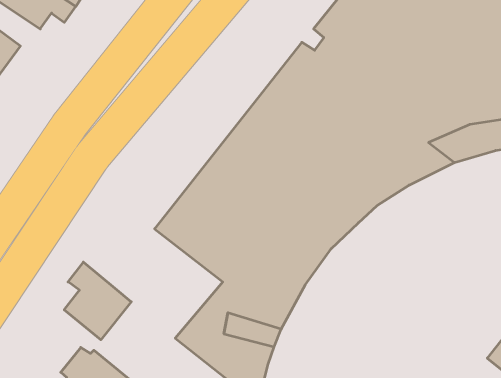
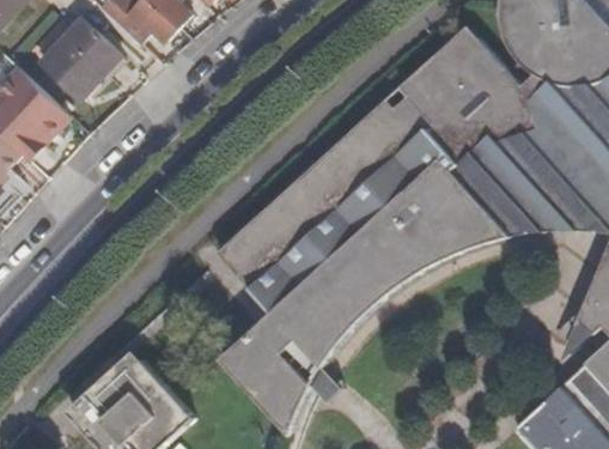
building: [64,262,131,340] -> none

